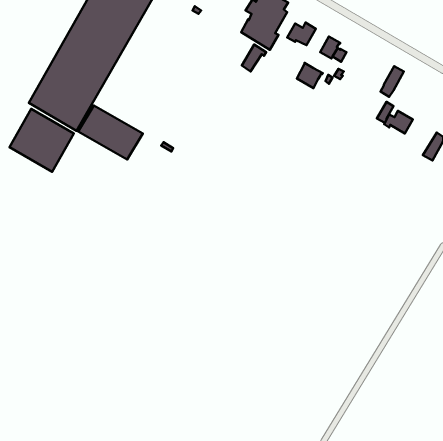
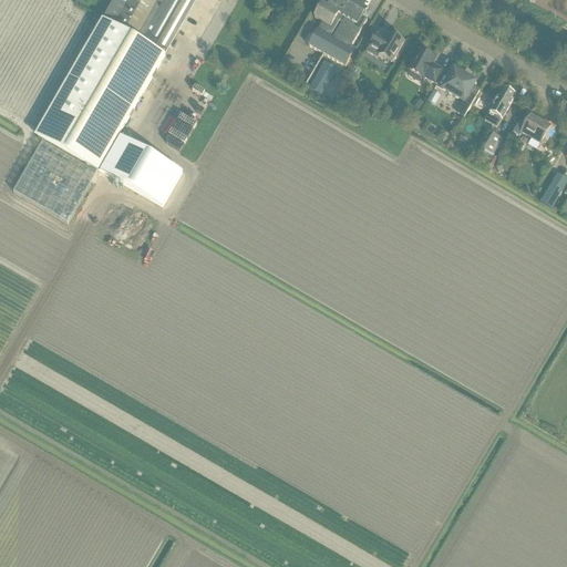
building: [297,63,323,88] -> [442,65,475,97]
building: [384,111,413,134] -> [512,111,548,140]

